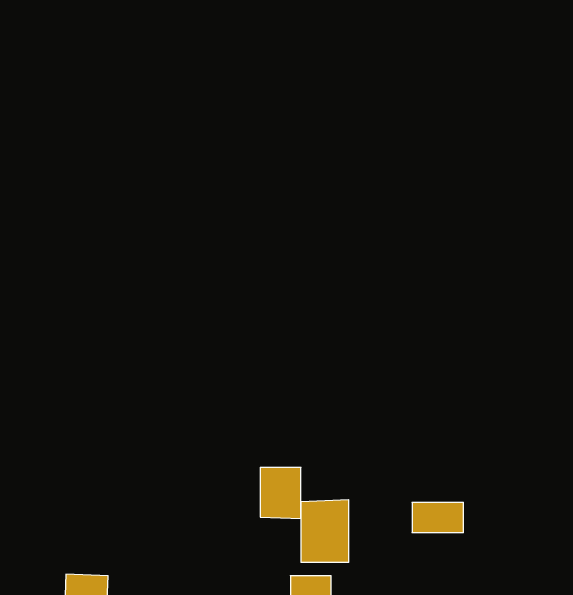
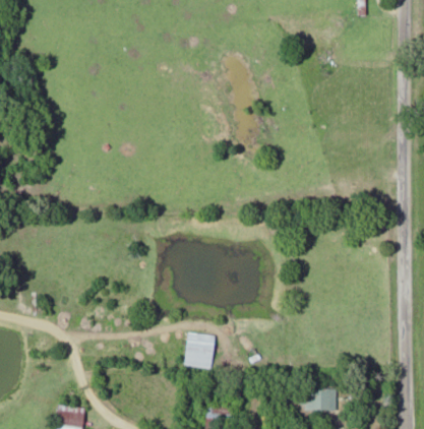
building: [301,500,349,562] -> none
building: [412,502,463,533] -> [300,390,335,411]

